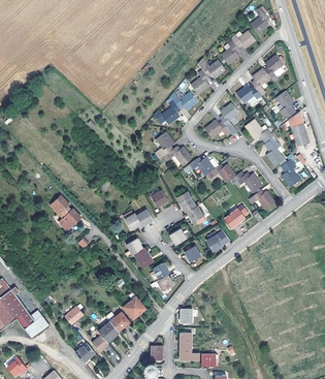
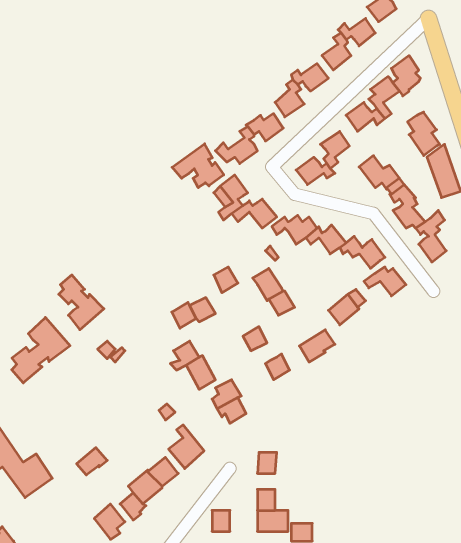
building: none -> [172,144,224,188]
building: none -> [12,317,70,383]

